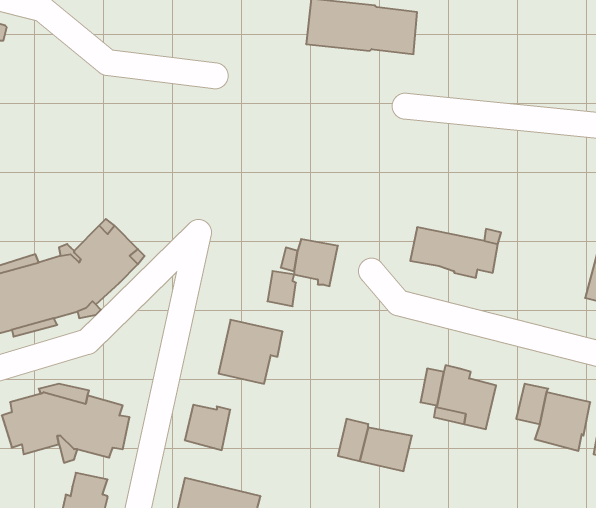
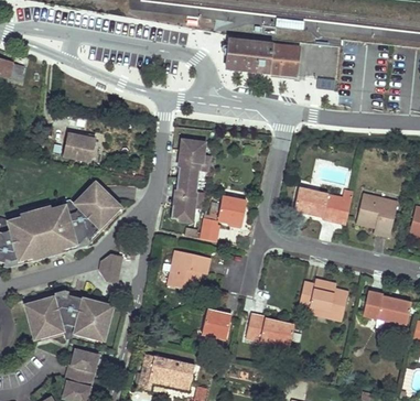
building: none -> [64,133,93,161]
building: none -> [166,139,208,220]
building: none -> [355,194,398,236]
building: none -> [99,254,121,283]
building: [185,405,230,450] -> [202,310,231,339]

